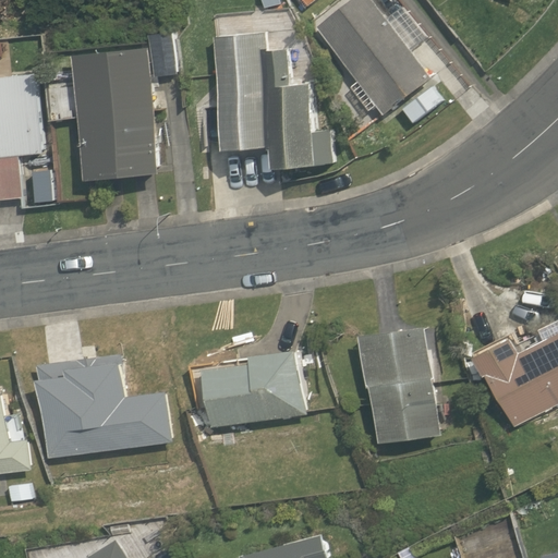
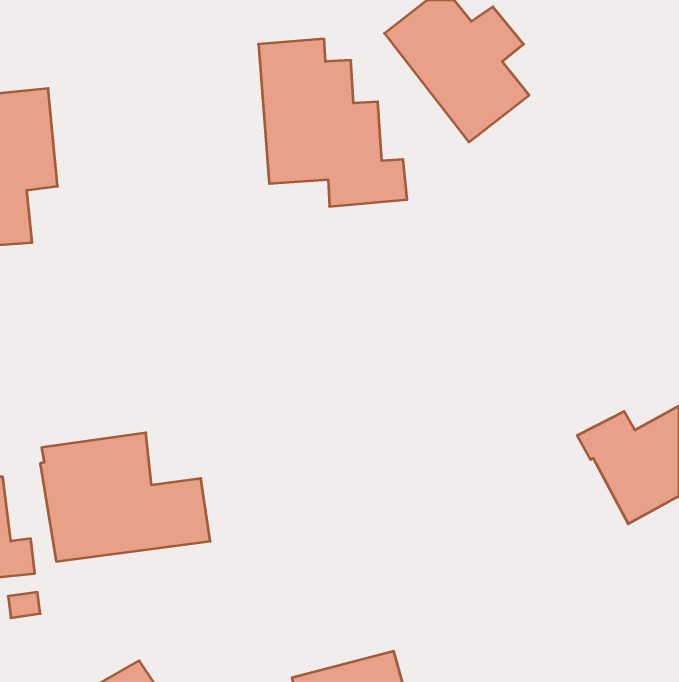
building: [80,50,159,182] -> none
building: [356,325,440,444] -> none
building: [201,348,306,428] -> none

